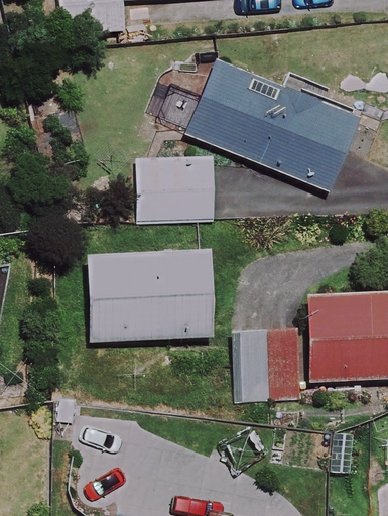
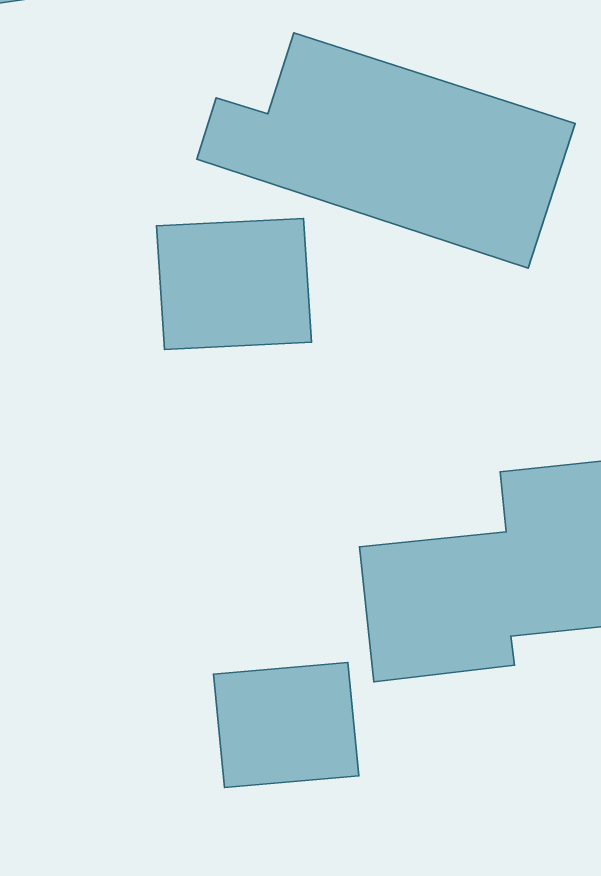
building: [88,251,212,340] -> none
building: none -> [213,662,359,788]

